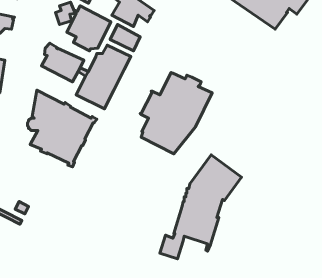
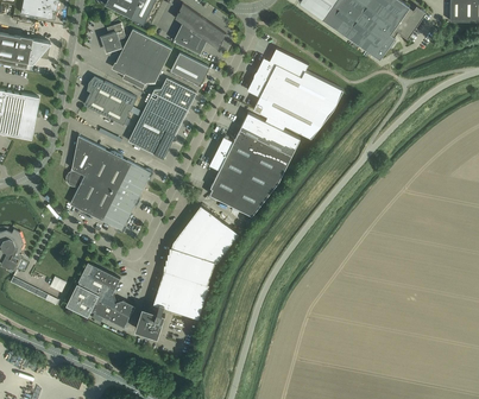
building: none -> [246,49,342,138]
building: [160,155,241,259] -> [134,204,238,336]
building: none -> [65,262,134,328]

